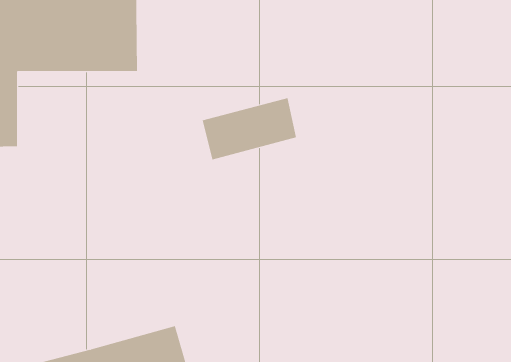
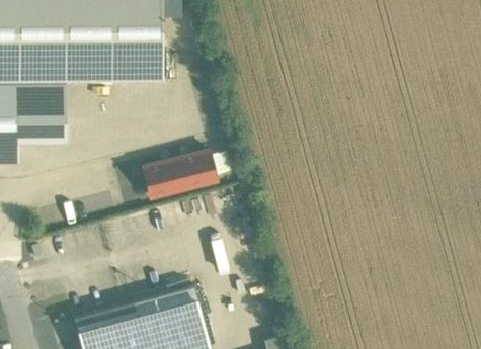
building: [202,98,297,160] -> [141,151,218,201]

